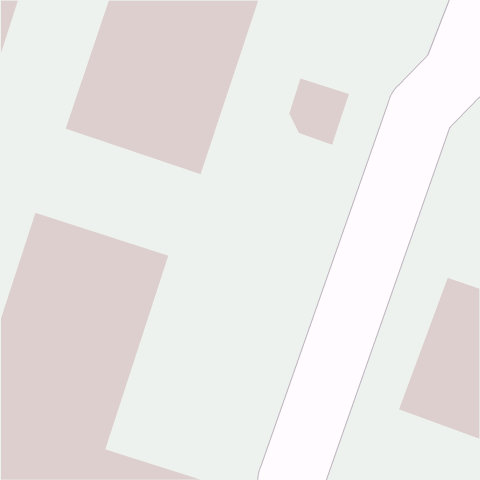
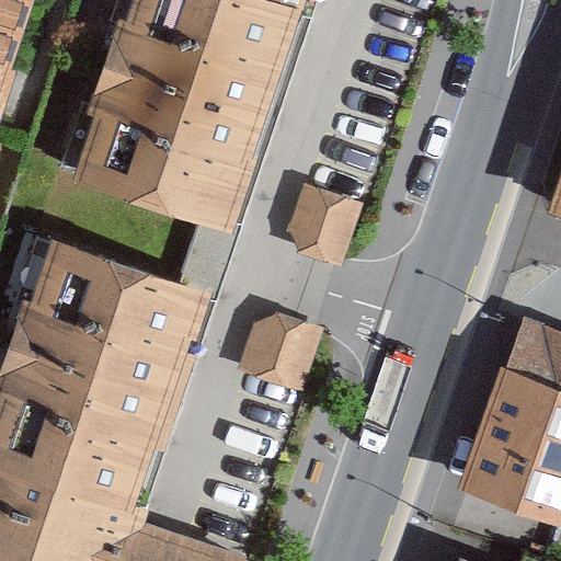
building: [289,78,350,145] -> [291,188,363,267]
building: none -> [239,313,322,389]

